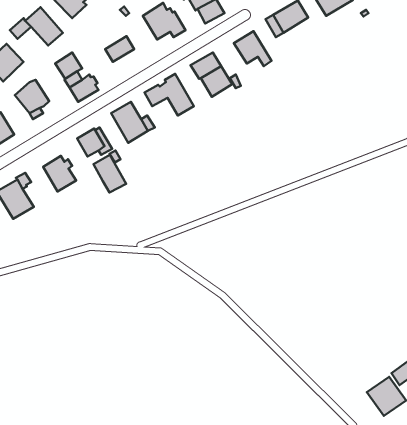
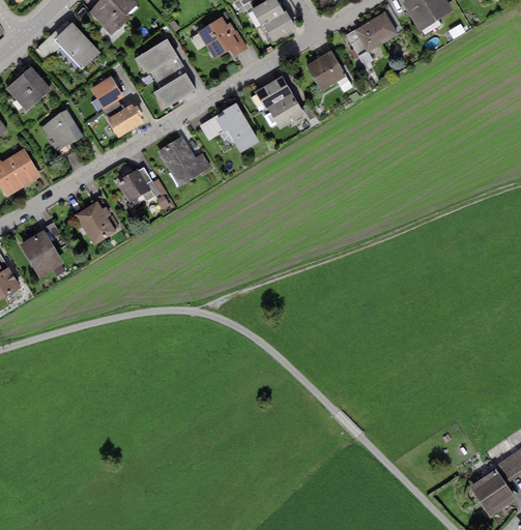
building: none -> [134,38,176,73]
building: none -> [151,71,196,107]
building: [94,155,126,193] -> none

